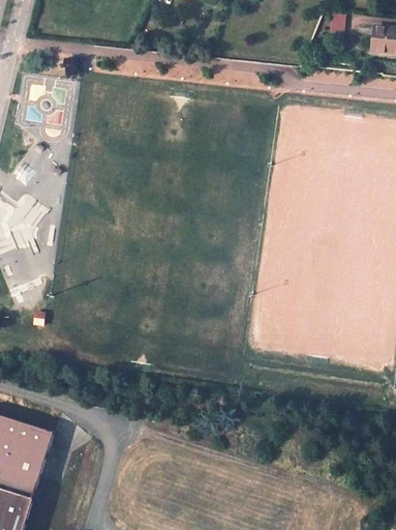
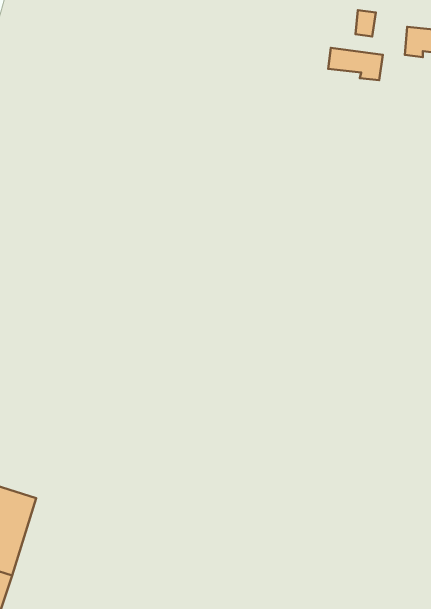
building: none -> [328,48,383,80]

